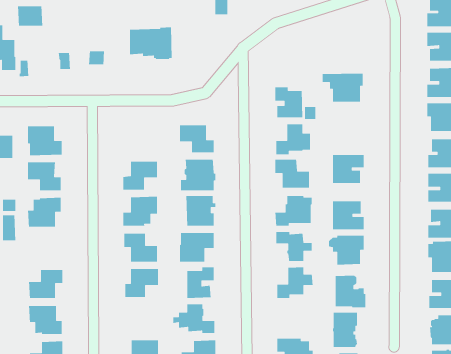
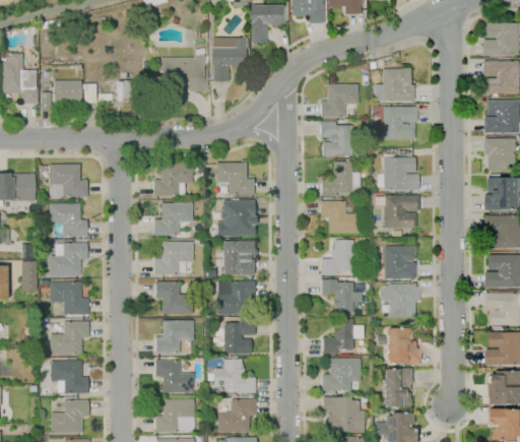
building: [17,5,43,27] -> [53,80,81,104]
building: none -> [215,38,251,81]
building: none -> [375,68,417,101]
building: none -> [320,84,358,117]
building: none -> [376,156,418,189]
building: none -> [153,163,191,196]
building: none -> [50,281,88,315]
building: none -> [321,358,360,390]
building: none -> [154,360,193,392]

